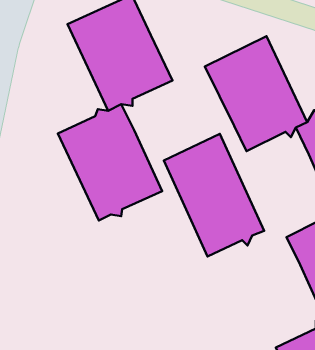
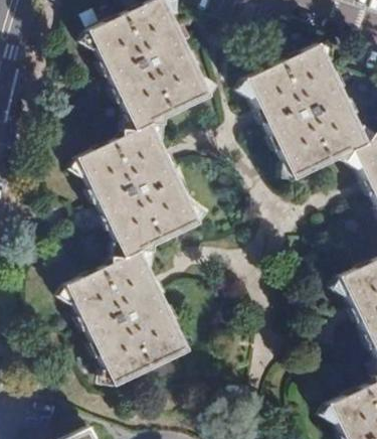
building: [164,134,264,257] -> none
building: none -> [66,251,185,385]

